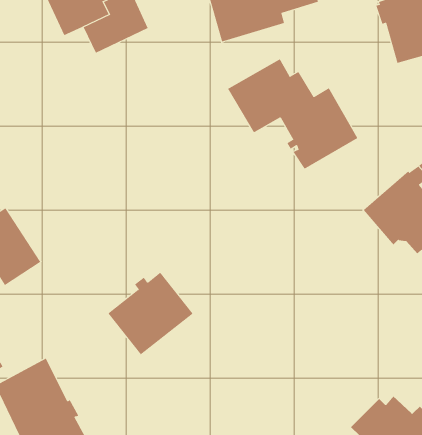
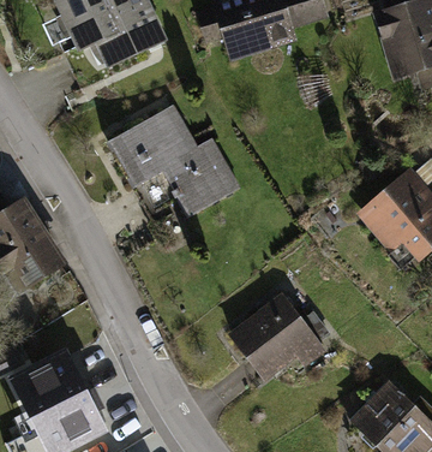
building: [227,59,358,170] -> [114,112,239,218]
building: [108,272,193,355] -> [232,298,313,377]

